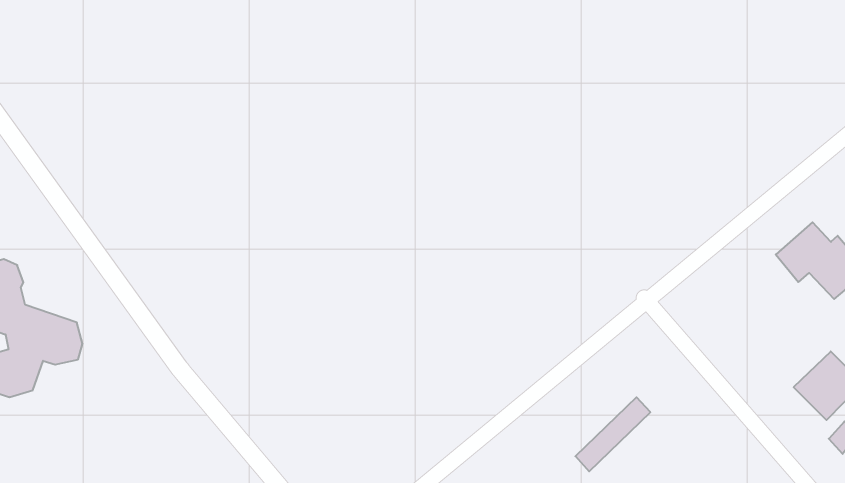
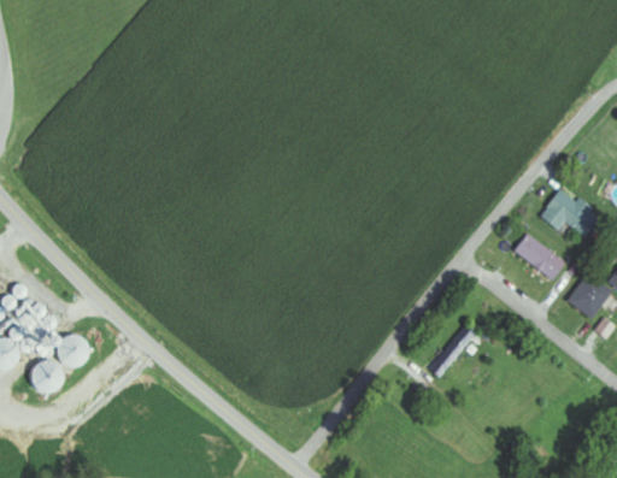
building: none -> [513,234,568,279]

